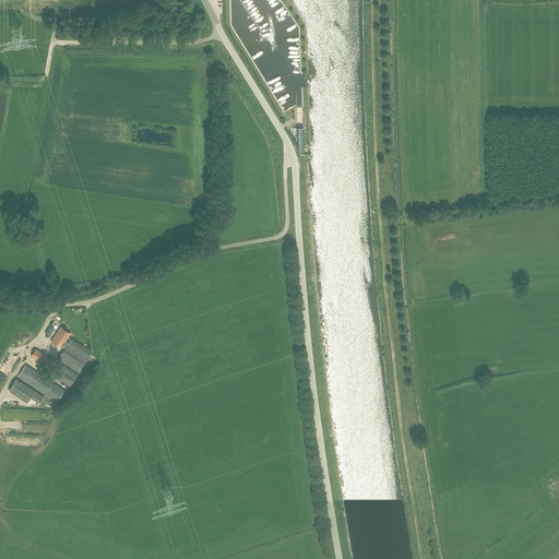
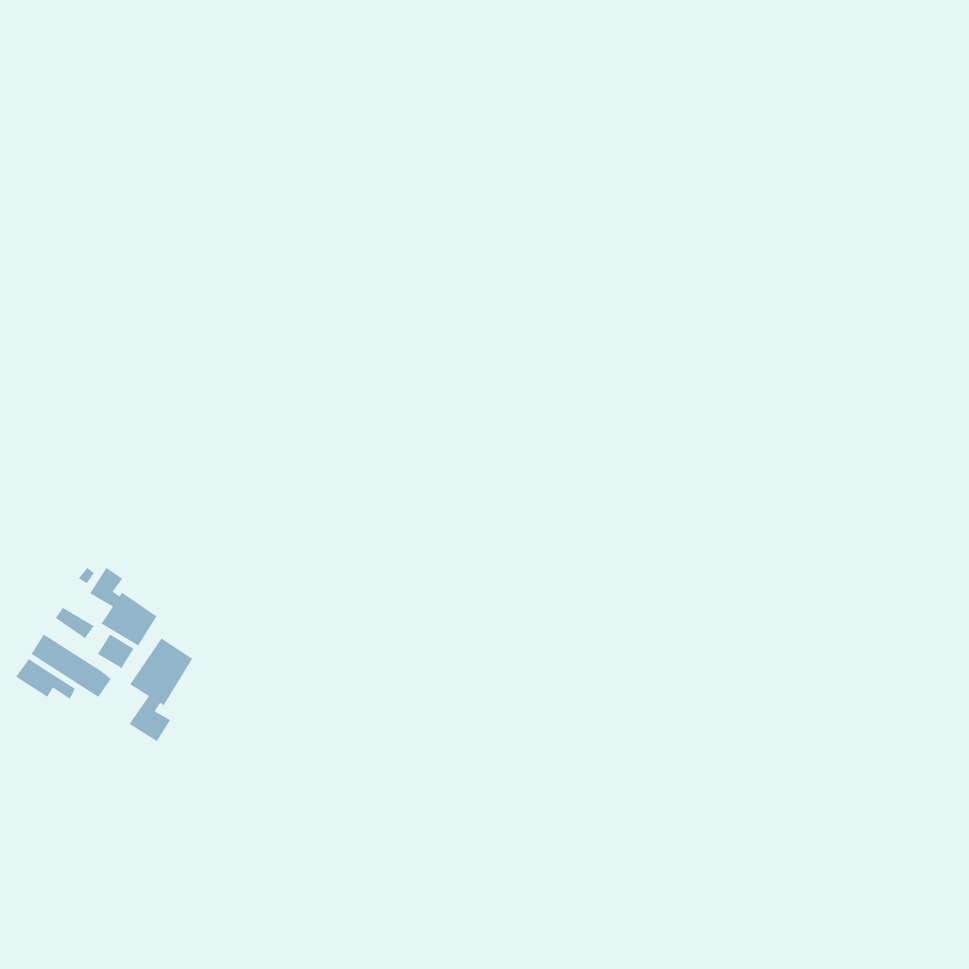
building: none -> [129,637,193,742]

